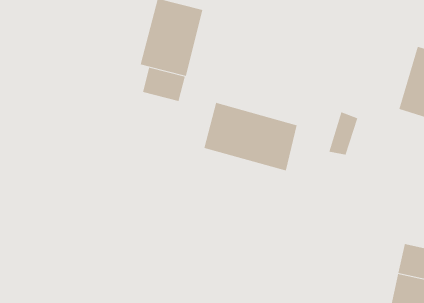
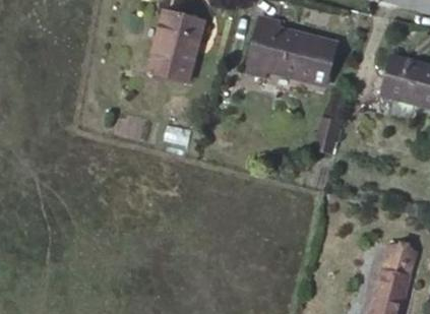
building: [142,67,185,102] -> none
building: [204,102,297,171] -> [250,17,337,81]

